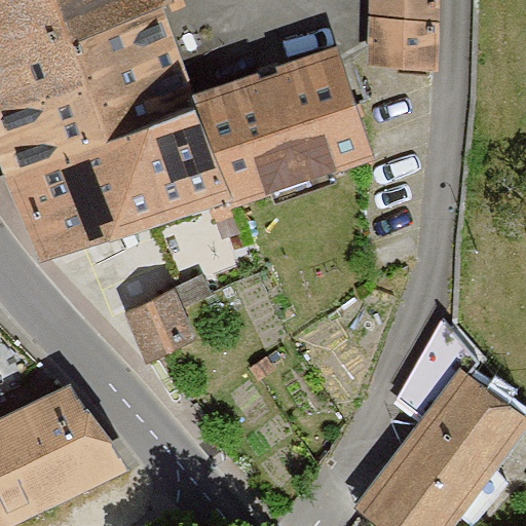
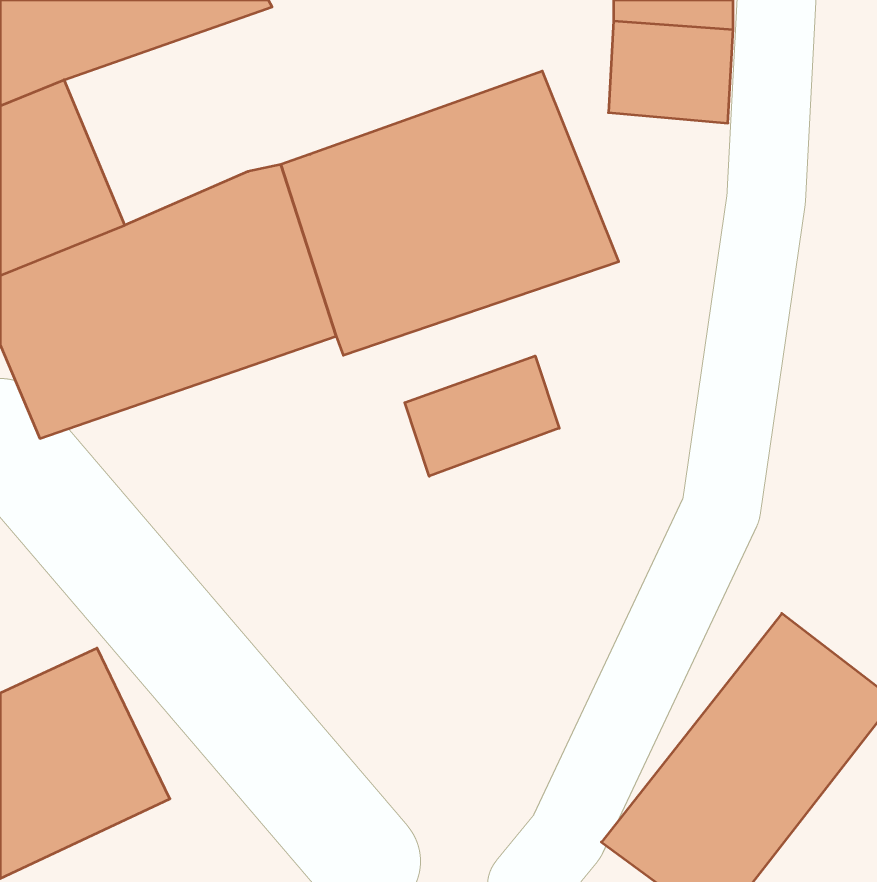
building: [43,6,189,136] -> none
building: none -> [405,356,559,476]
building: [111,287,192,366] -> none

